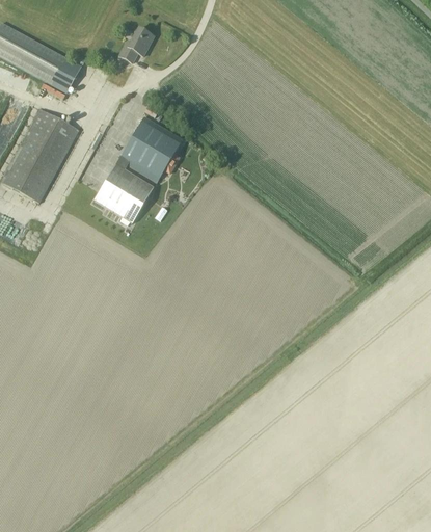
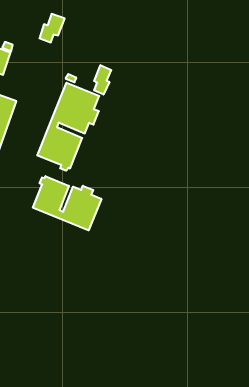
building: none -> [94,65,111,95]
building: none -> [33,176,101,230]

